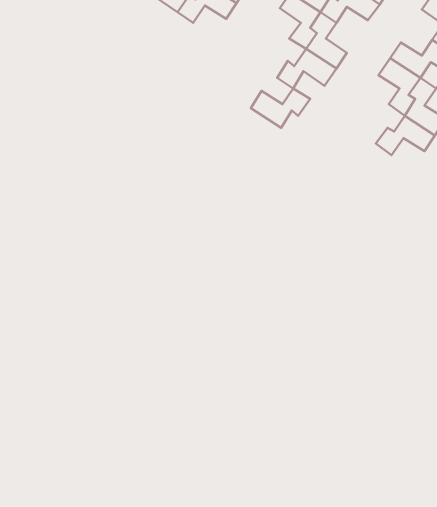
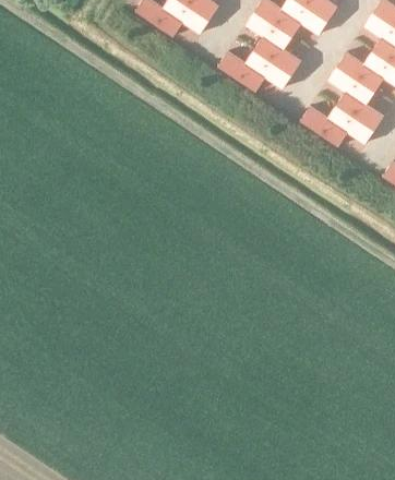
building: [251,88,310,128] -> [219,48,268,81]
building: none -> [301,103,350,135]

